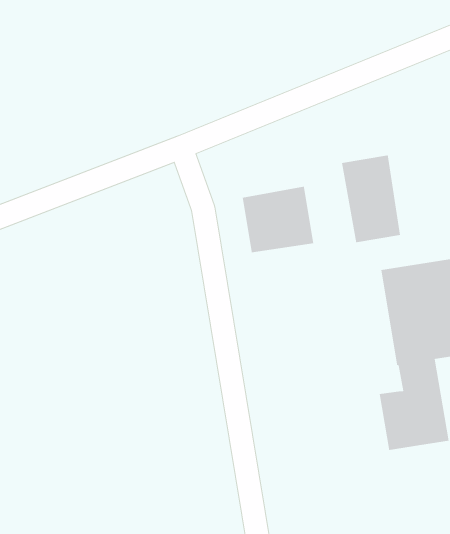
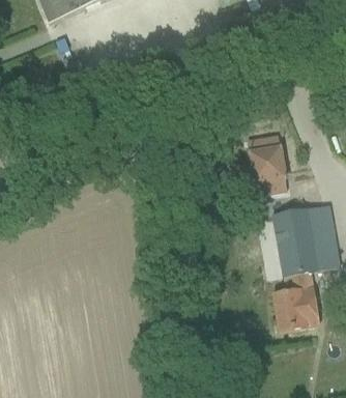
building: [242,186,314,253] -> none

